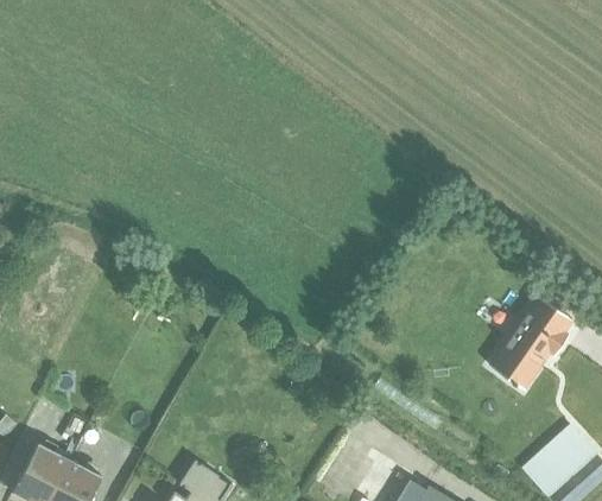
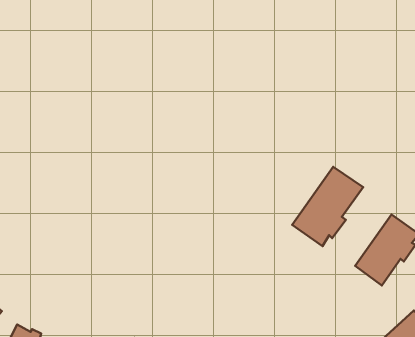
building: none -> [292,167,363,246]

